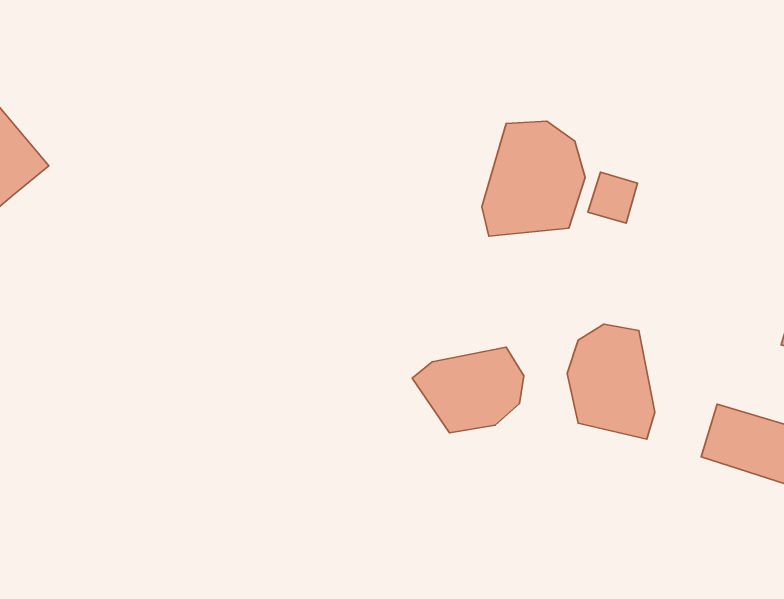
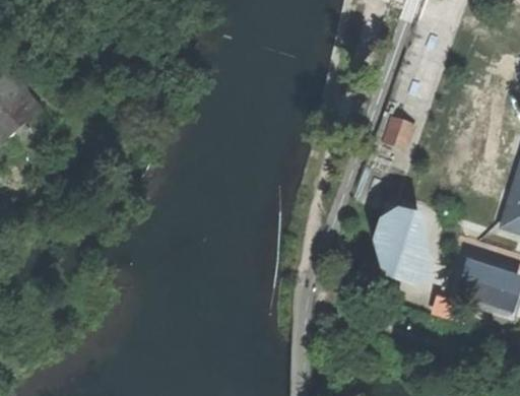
building: [482,121,585,236] -> none
building: [412,347,524,433] -> none

